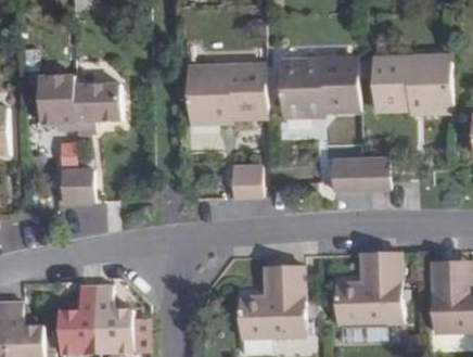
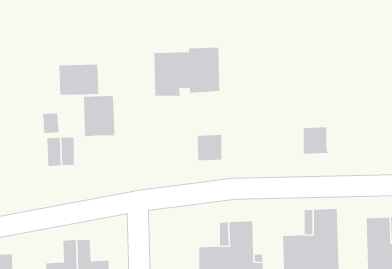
building: [371,58,449,113] -> none
building: [278,59,356,116] -> none
building: [40,76,77,124] -> [83,96,115,137]
building: [329,158,358,191] -> none

